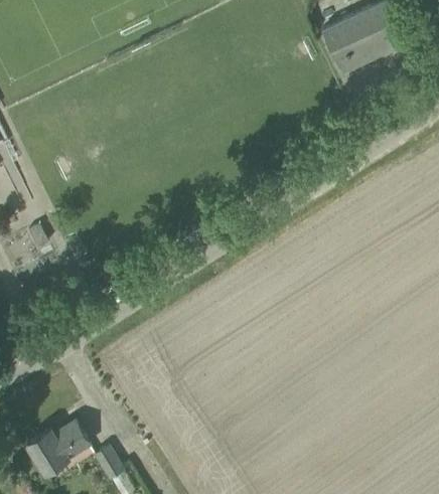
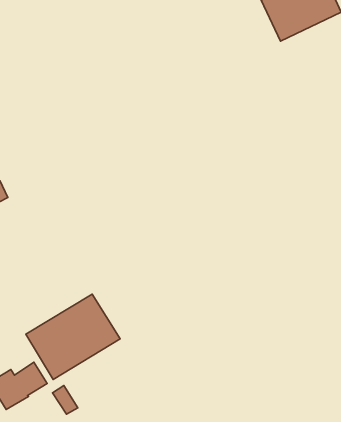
building: none -> [26,294,120,380]

